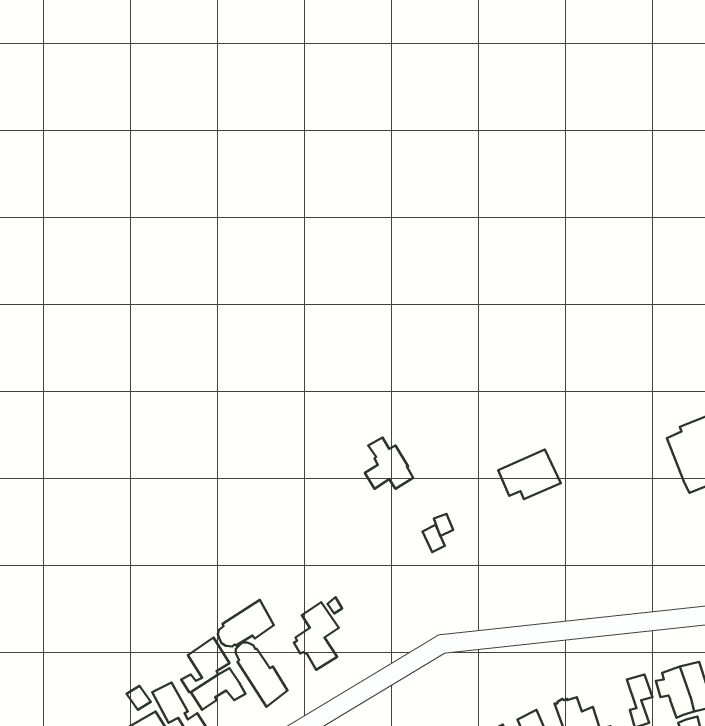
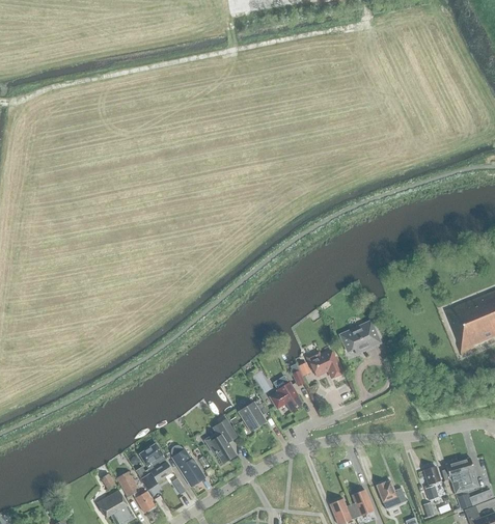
building: [365,438,413,489] -> [271,377,302,410]
building: none -> [307,350,343,377]
building: none -> [240,398,268,431]
building: [218,600,274,646] -> none

